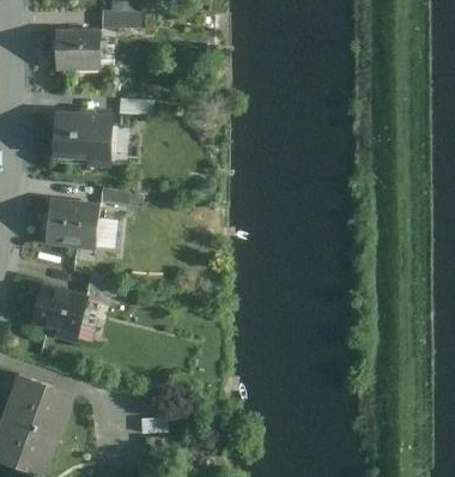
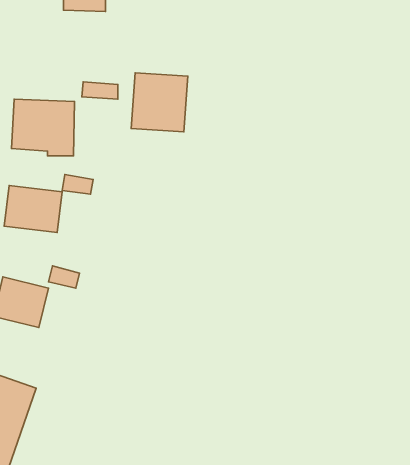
building: [53,29,97,70] -> none
building: none -> [131,73,188,132]

